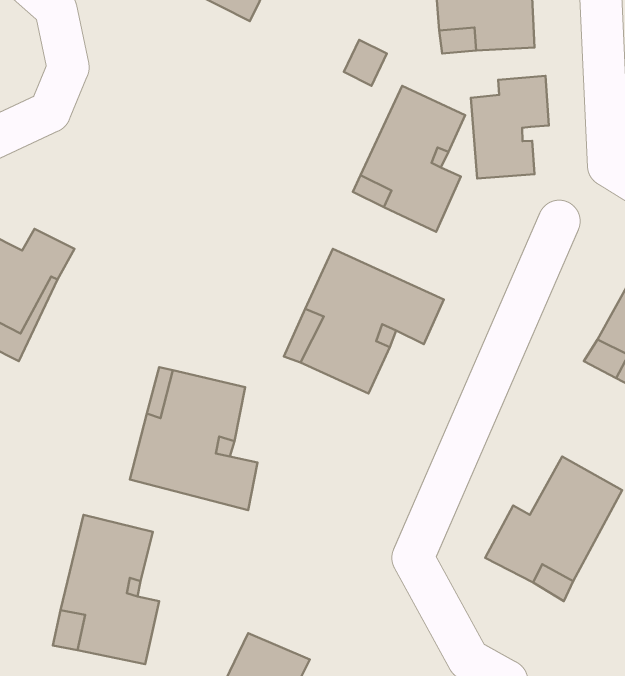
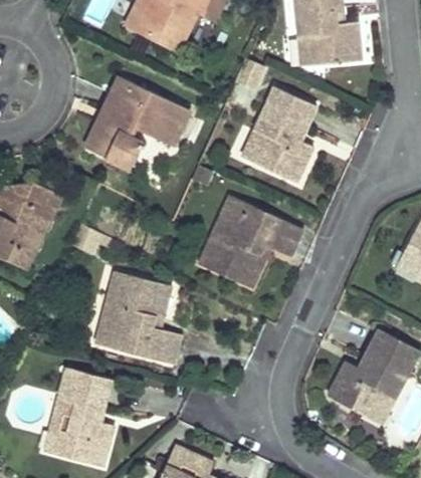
building: none -> [85,75,188,167]
building: [471,76,549,178] -> none

